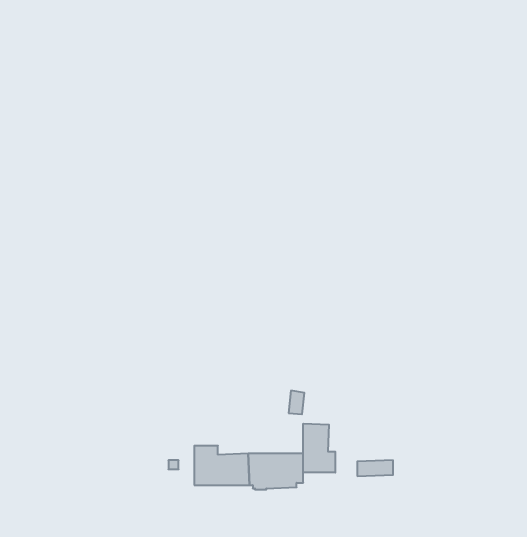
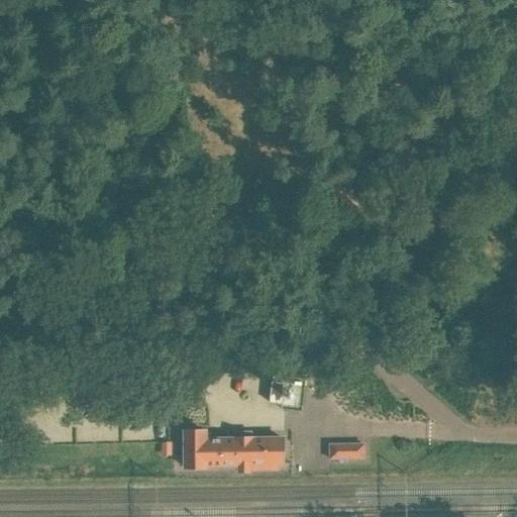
building: [303,424,335,473] -> none

